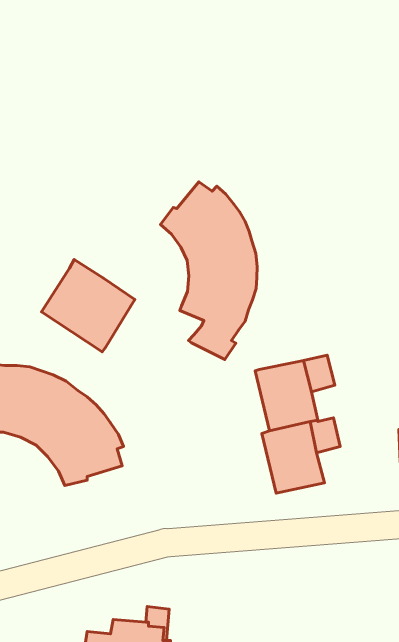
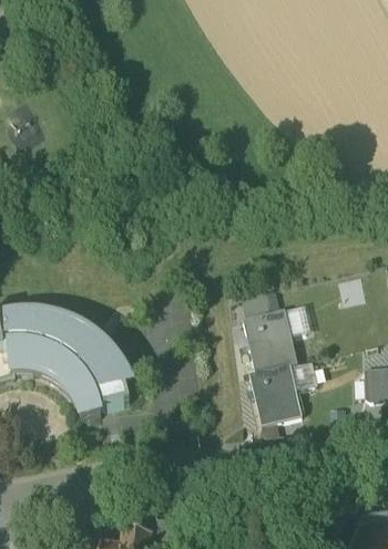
building: [161,182,257,360] -> none
building: [41,260,135,352] -> none
building: none -> [242,288,278,314]

